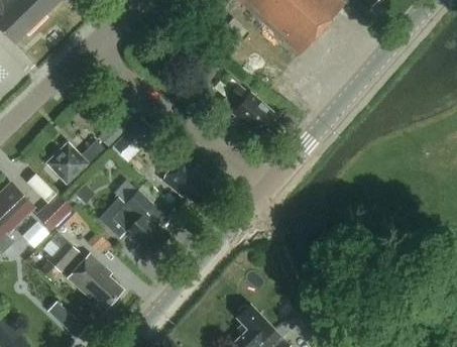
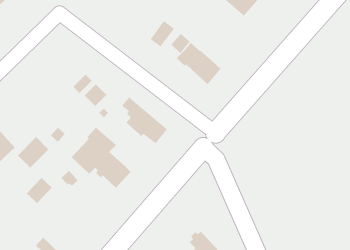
building: [48,140,106,181] -> none
building: [67,253,122,308] -> none

